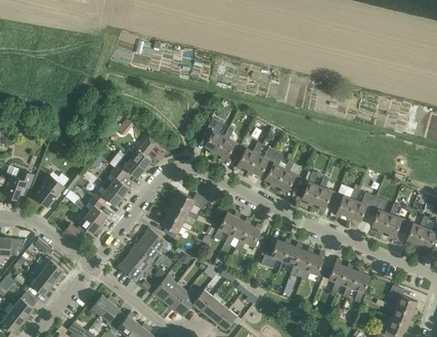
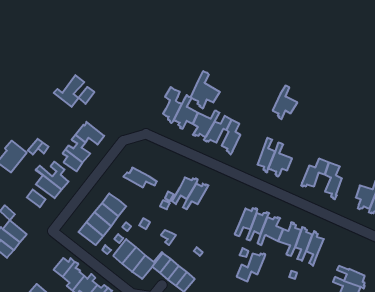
building: none -> [191,71,220,109]
building: [125,136,157,169] -> [54,75,84,107]
building: [275,160,301,195] -> [273,86,297,119]
building: [332,188,358,217] -> none
building: [169,192,207,211] -> none
building: [382,204,406,239] -> none
building: [158,213,192,239] -> none
building: [234,223,262,251] -> none
building: [260,240,290,268] -> [237,254,265,281]
building: [388,286,417,314] -> none

